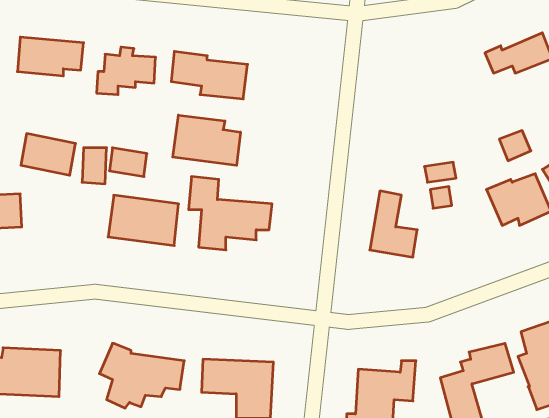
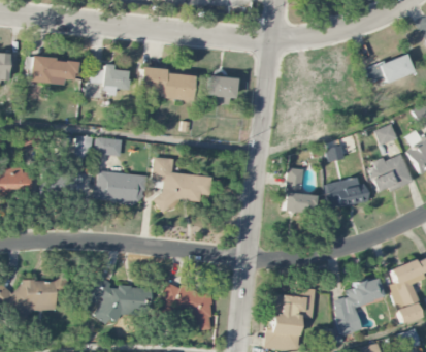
building: none -> [207,75,233,103]
building: [173,115,240,165] -> none
building: [21,134,76,175] -> [43,168,83,198]
building: none -> [325,175,367,207]

